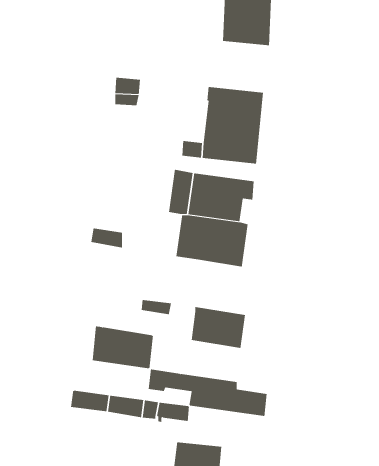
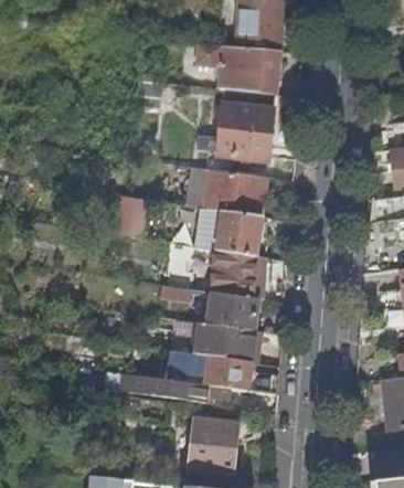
building: none -> [199,44,280,95]
building: none -> [211,250,265,300]
building: [92,326,154,369] -> [198,322,255,362]

